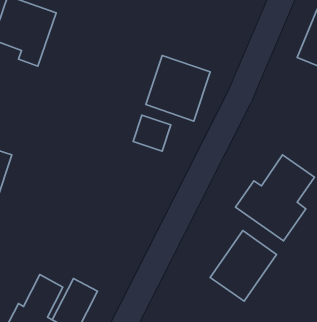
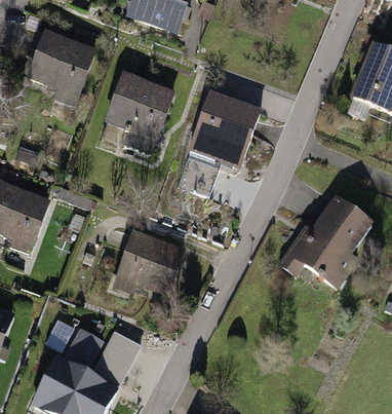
building: none -> [105,74,172,139]
building: none -> [112,229,186,296]
building: [210,231,277,301] -> none

